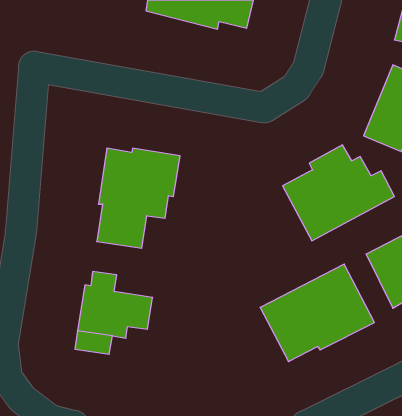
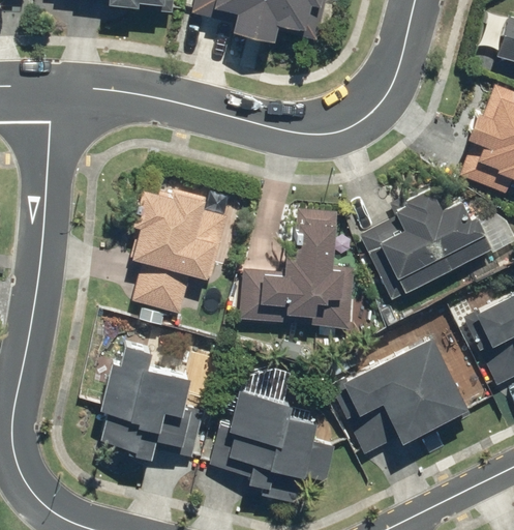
building: none -> [243,211,353,326]
building: none -> [206,388,321,502]

